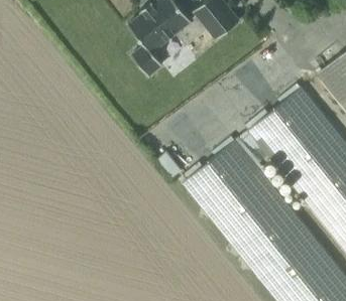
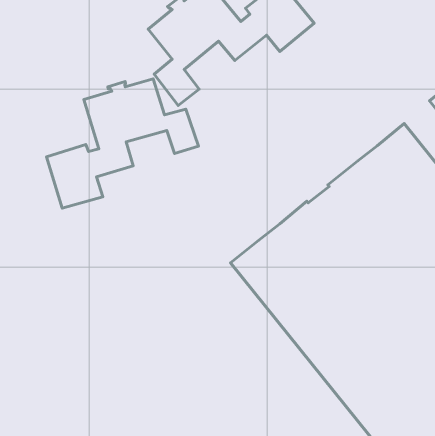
building: none -> [46,79,199,208]

